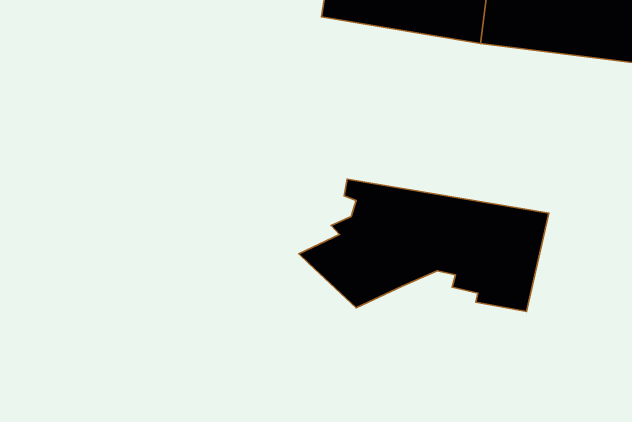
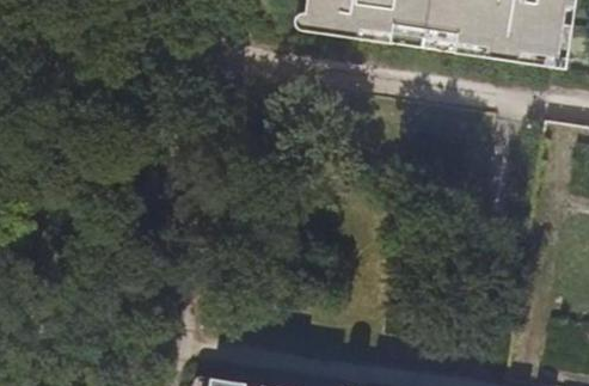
building: [299,179,549,311] -> none

